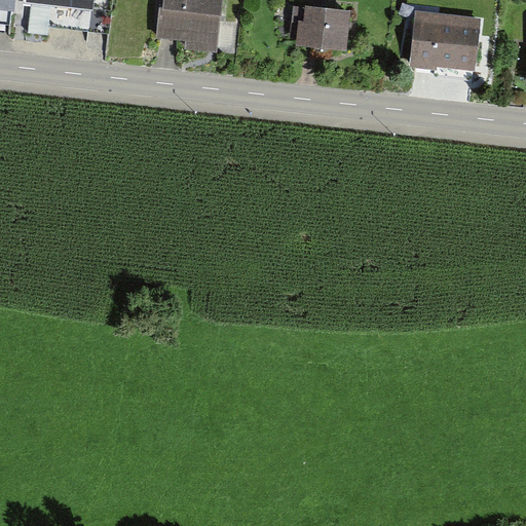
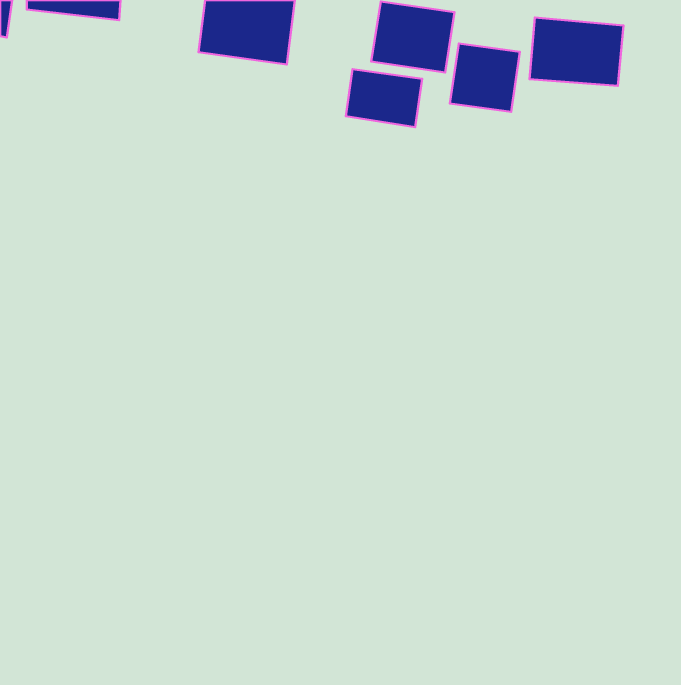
building: none -> [450,43,520,112]
building: none -> [346,69,422,127]

